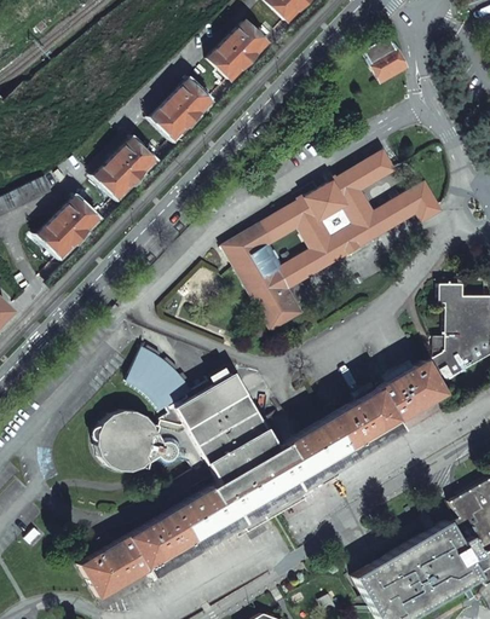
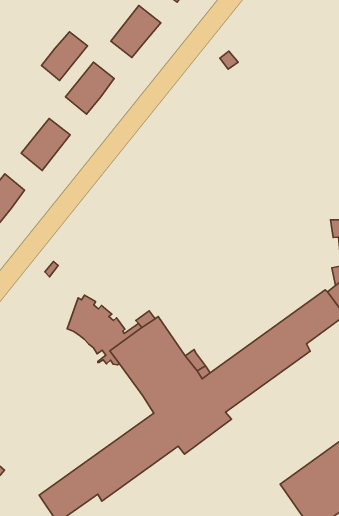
building: [363,36,407,81] -> none
building: none -> [41,32,87,81]
building: [224,151,442,329] -> none
building: [96,409,208,472] -> none

